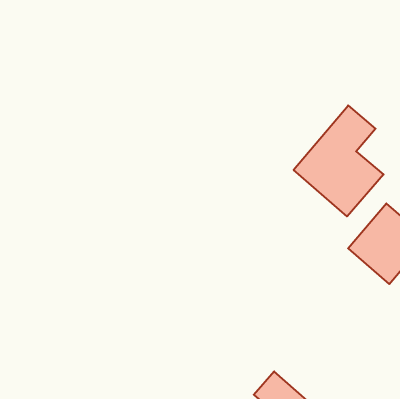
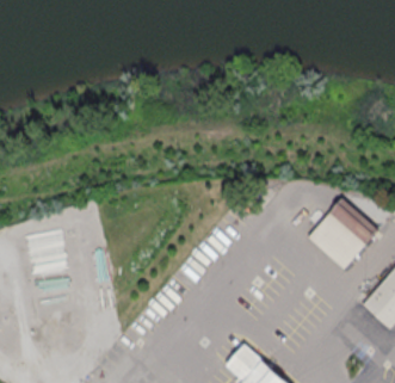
building: [294,105,384,216] -> none

